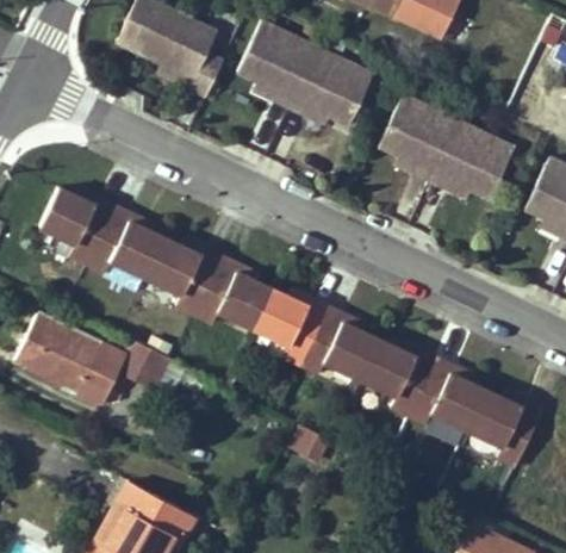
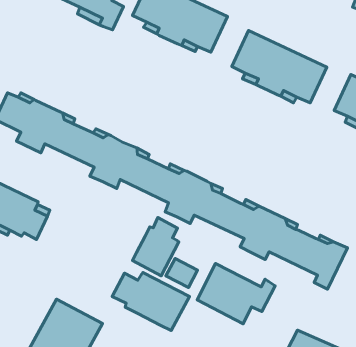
building: [122,342,173,389] -> none
building: none -> [133,218,179,276]
building: none -> [197,263,275,324]
building: none -> [112,272,189,331]

